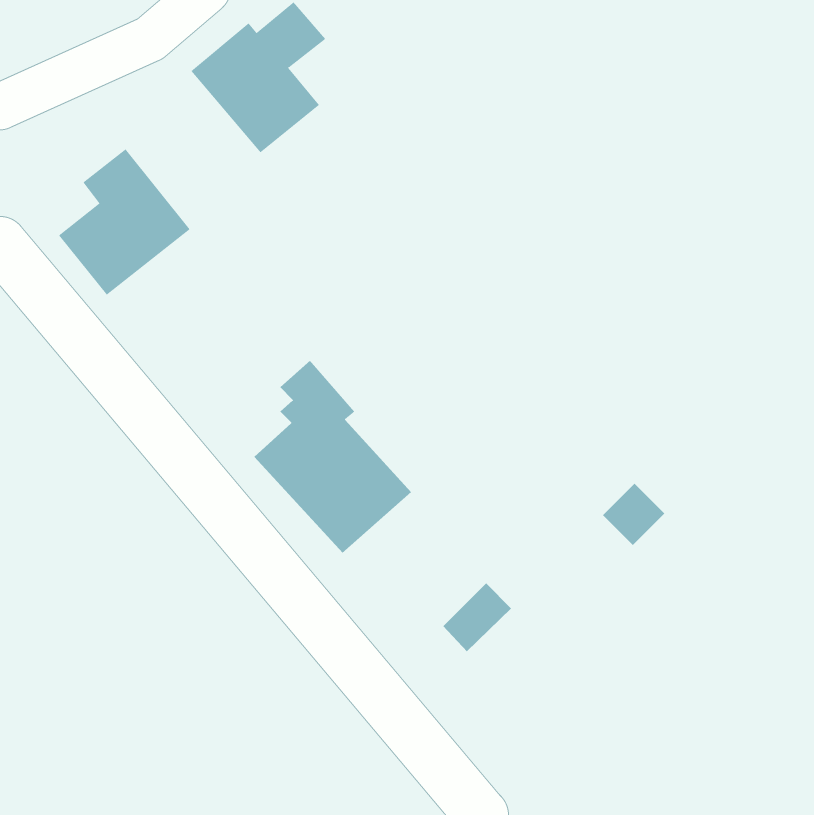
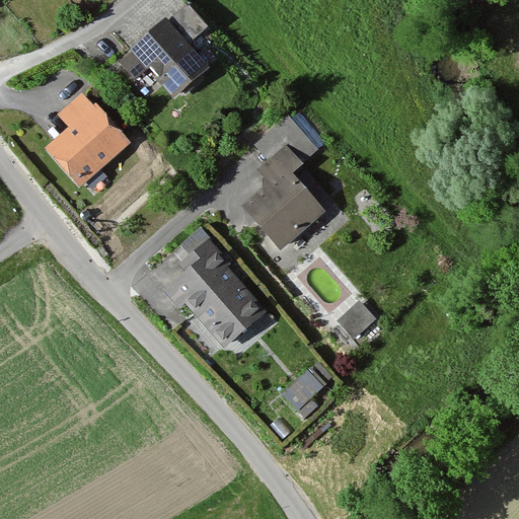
building: none -> [239,118,331,250]
building: [602,483,665,546] -> [341,300,380,340]

